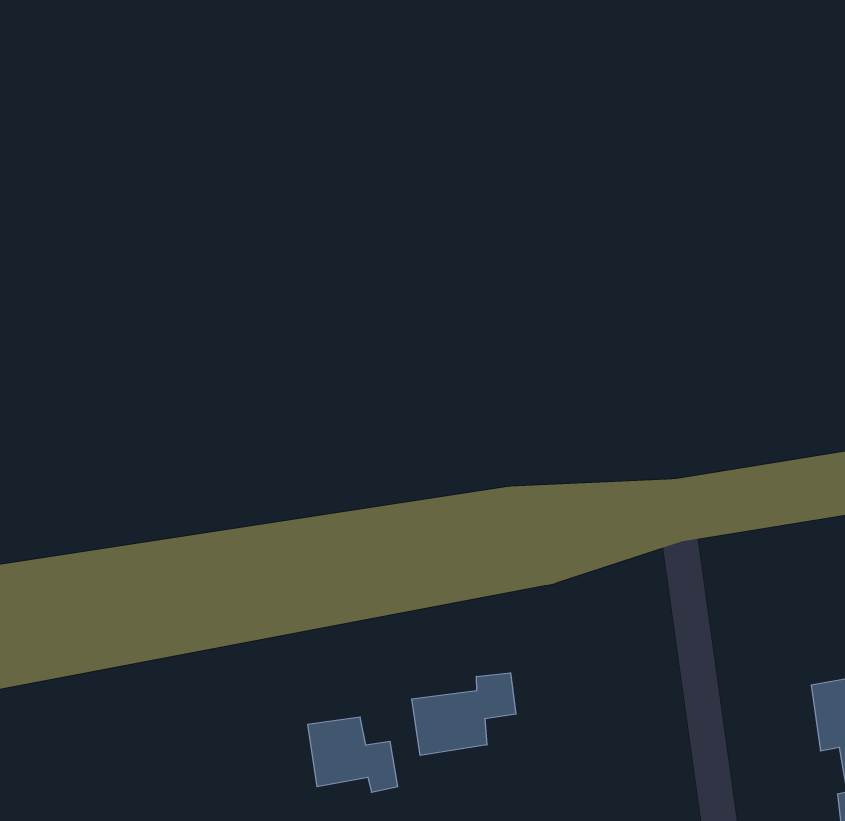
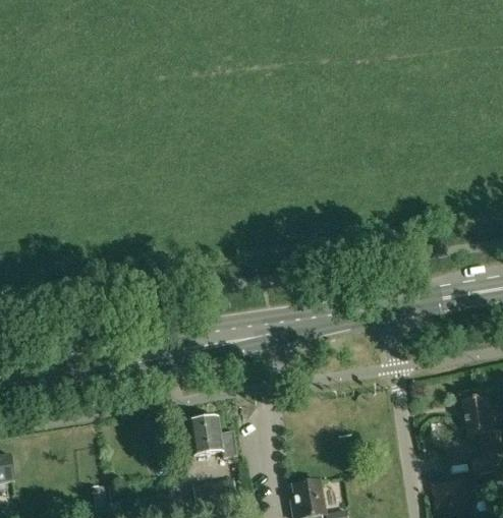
building: [412,673,516,755] -> none

